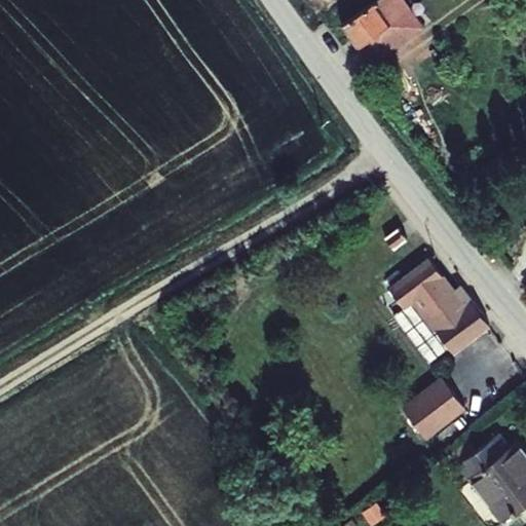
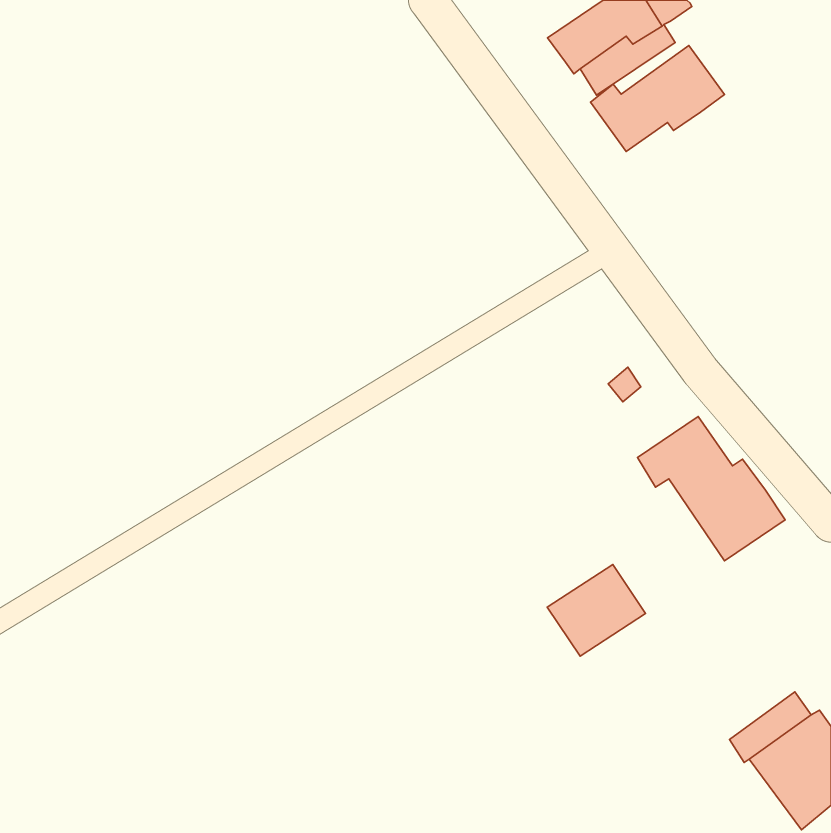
building: none -> [590,45,724,151]
building: [401,380,462,438] -> [547,564,646,656]

